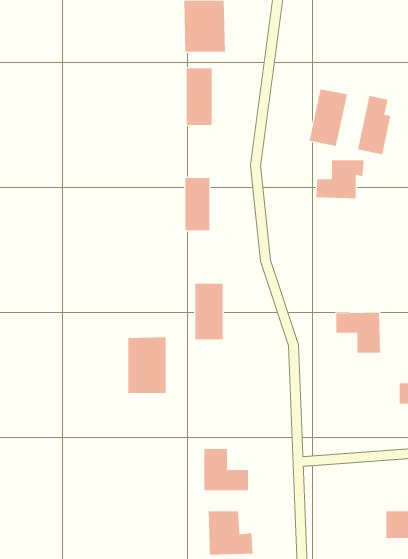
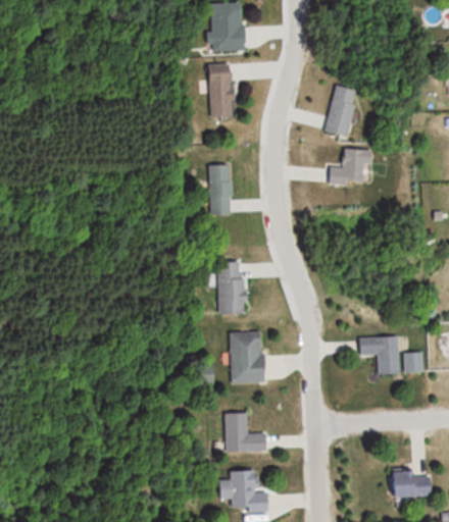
building: [357,95,391,155] -> none
building: [335,312,381,353] -> [358,336,400,374]
building: [128,337,166,393] -> [229,331,264,383]

